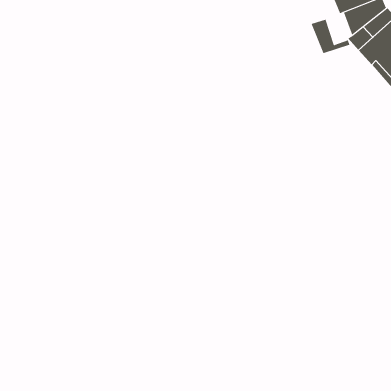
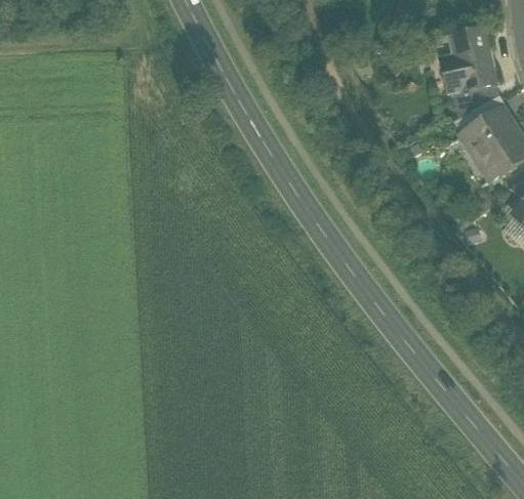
building: [311,19,350,54] -> none

